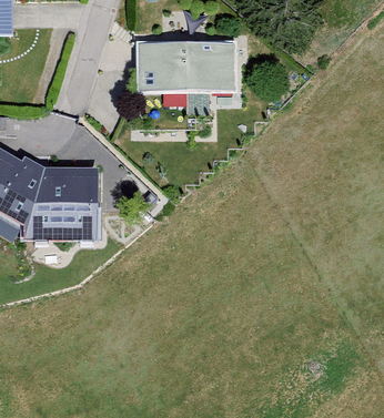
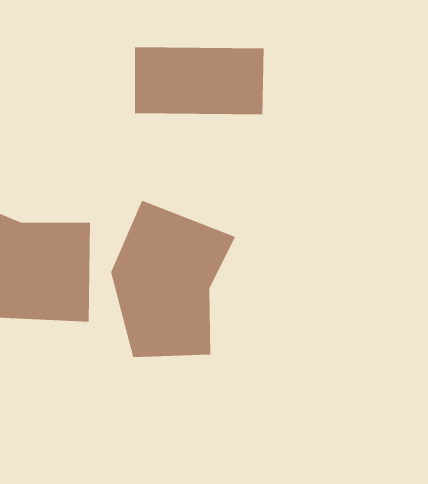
building: none -> [111,200,236,358]

